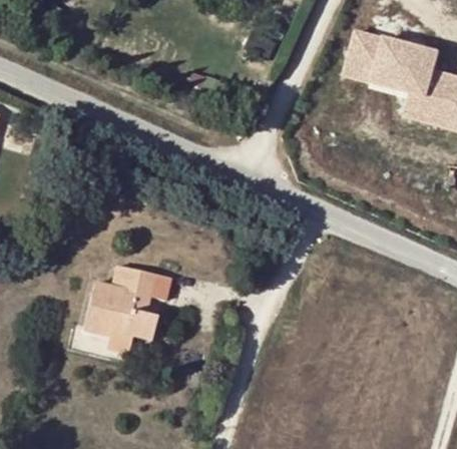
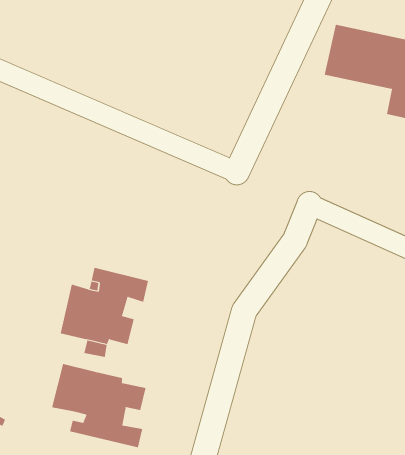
building: none -> [52,363,146,448]

